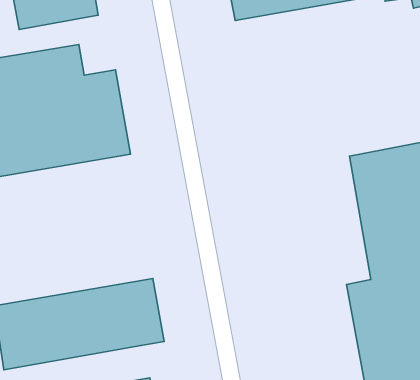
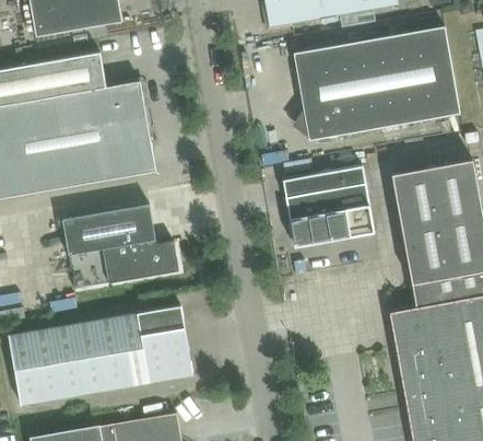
building: none -> [293,27,459,141]
building: none -> [282,166,375,242]
building: none -> [61,204,178,289]

